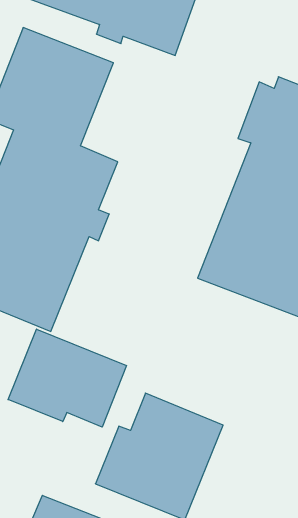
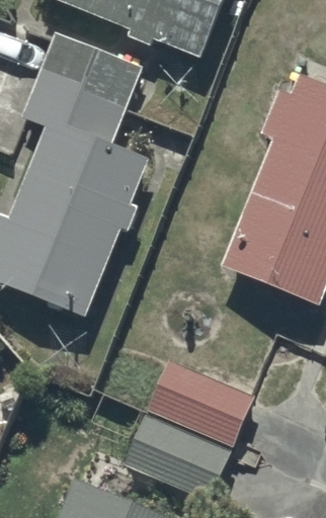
building: [8,329,126,427] -> none

